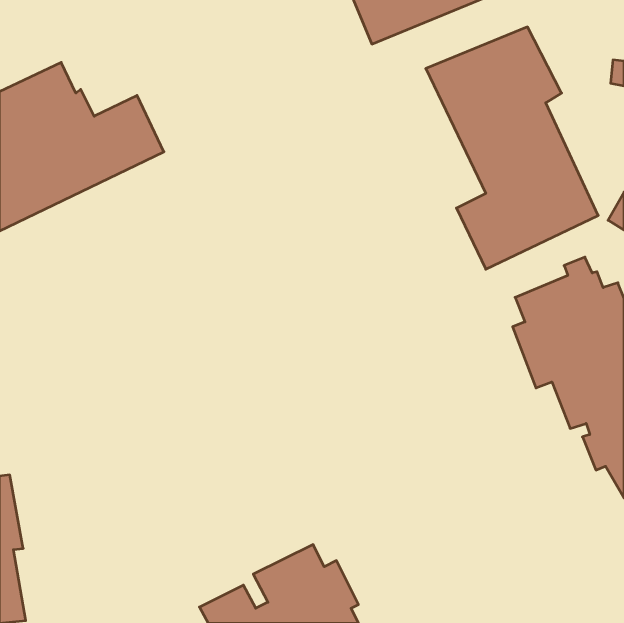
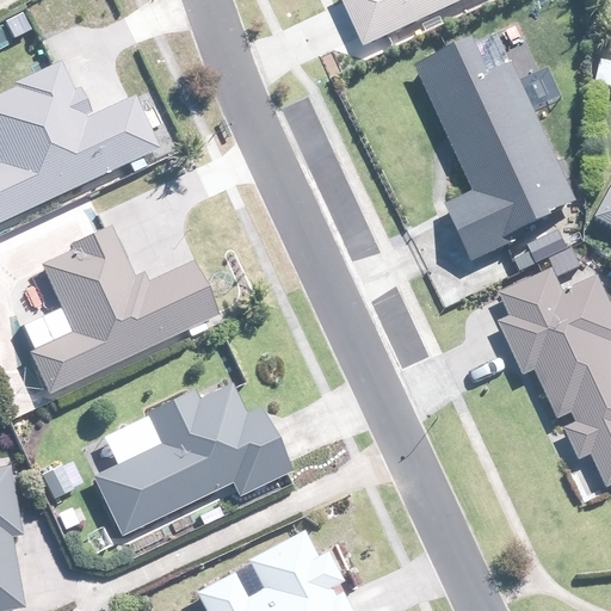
building: none -> [31,226,215,391]
building: none -> [93,384,291,535]

